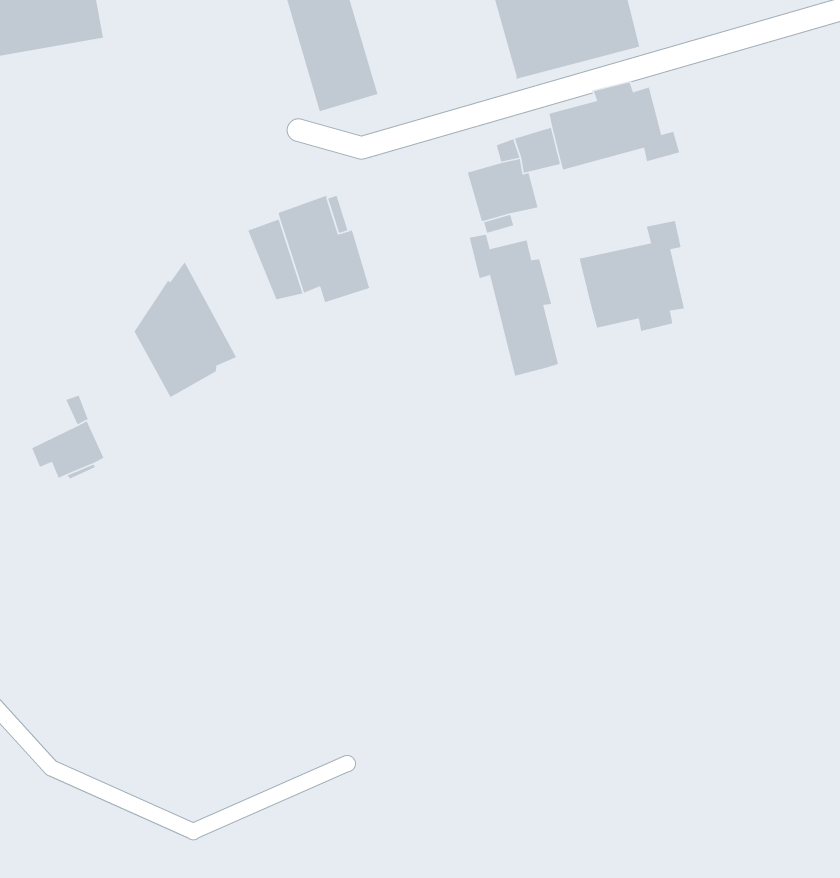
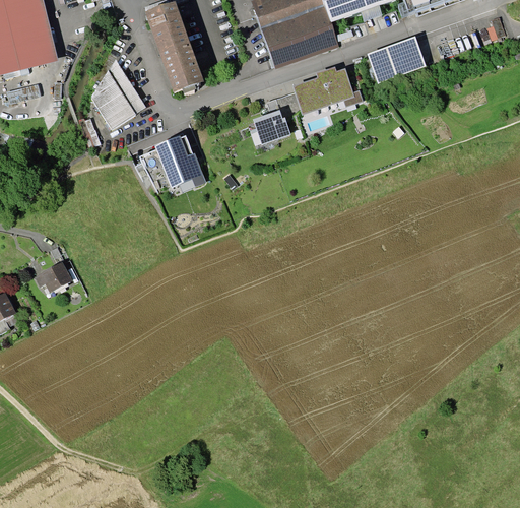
building: none -> [367,34,426,81]
building: [579,220,685,332] -> none
building: [469,234,559,376] -> none
building: [134,261,237,398] -> [90,57,145,129]

